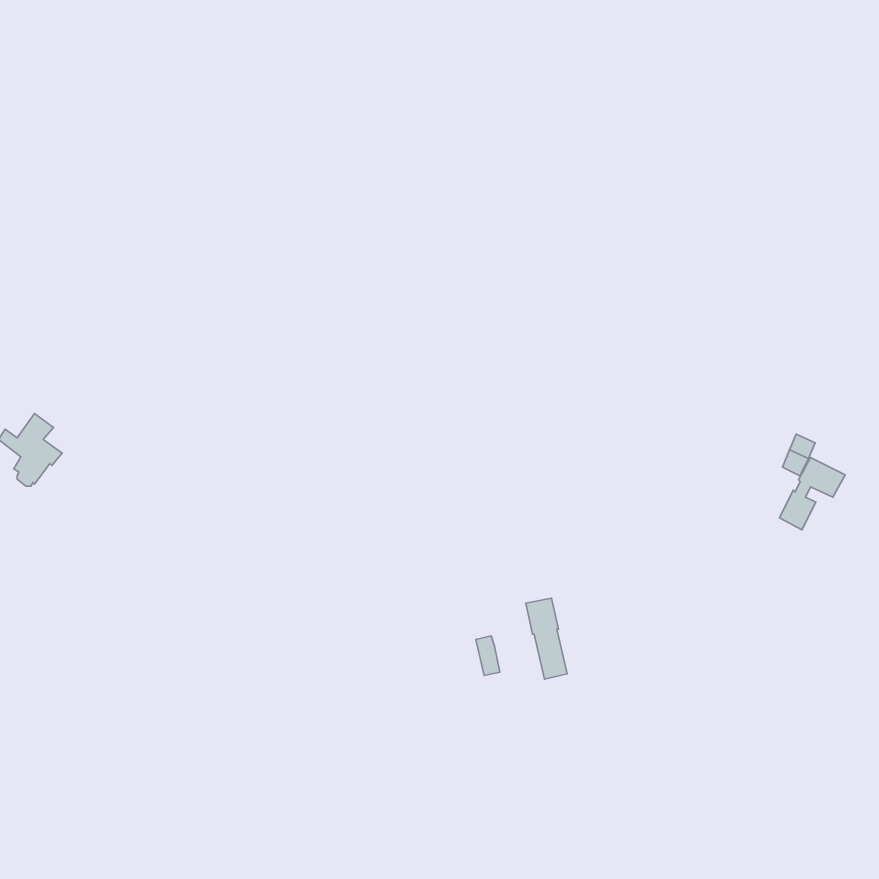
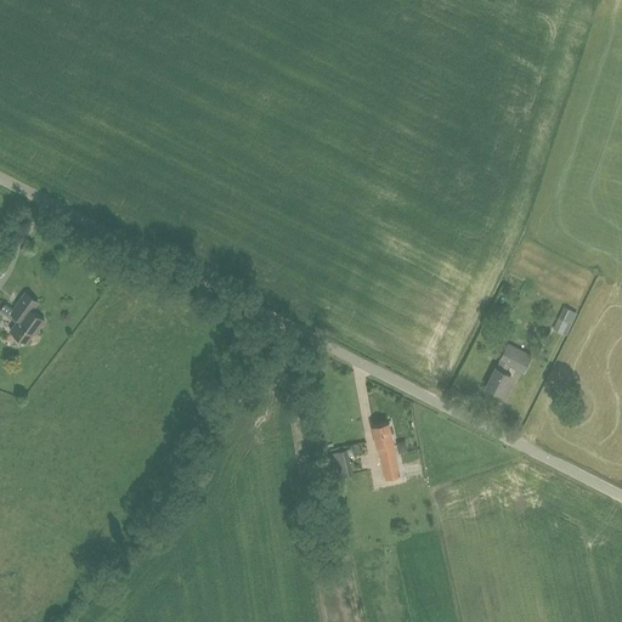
building: [780,457,845,530] -> [485,345,531,396]

